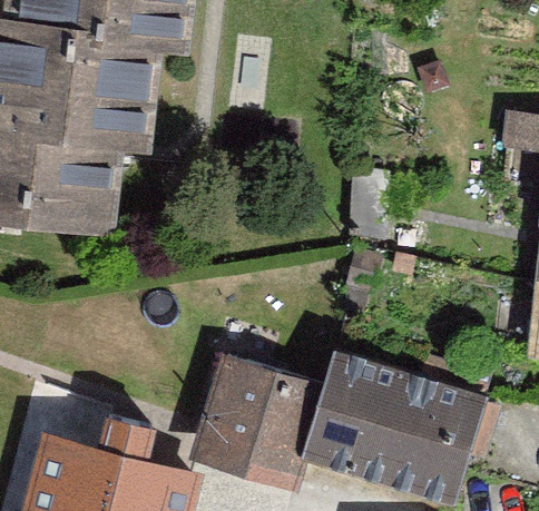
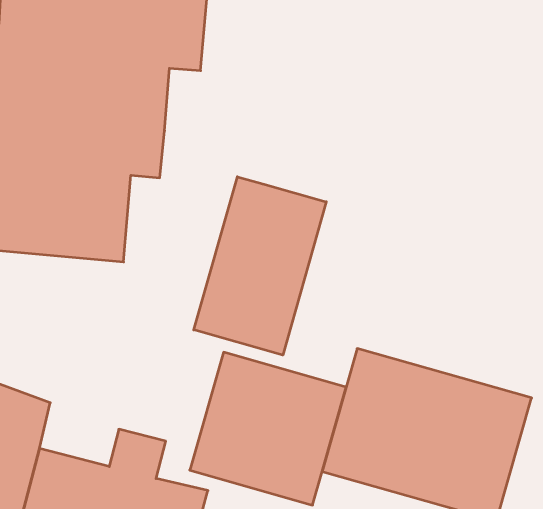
building: none -> [194,177,326,355]

